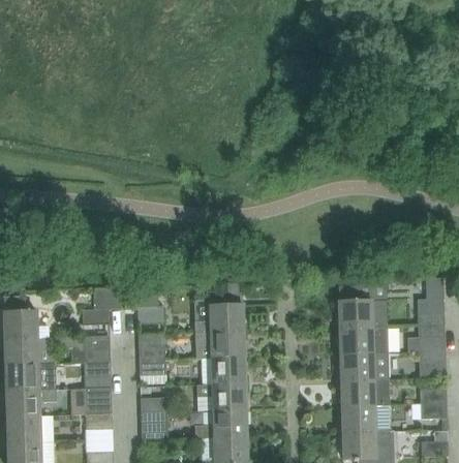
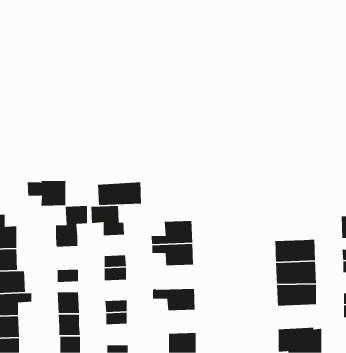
building: none -> [27,180,66,207]
building: none -> [97,182,142,206]
building: [338,287,387,329] -> none
building: [84,336,111,363] -> none
building: [202,358,246,385] -> none
building: [342,404,390,432] -> none
building: [194,410,248,437] -> none

